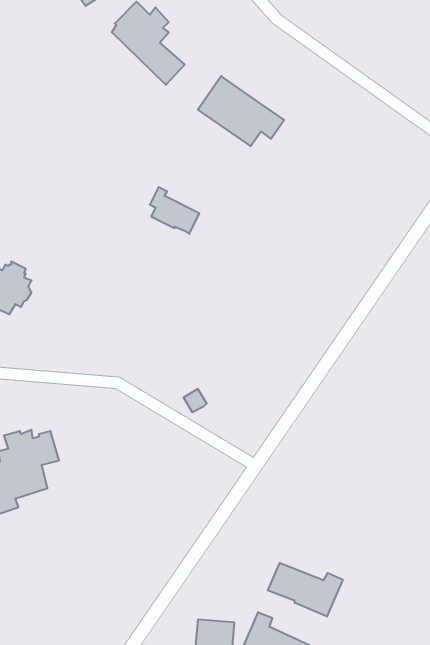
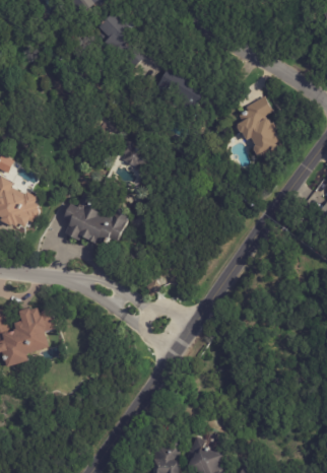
building: none -> [237,96,280,159]
building: none -> [63,194,126,246]
building: [268,563,343,617] -> none

